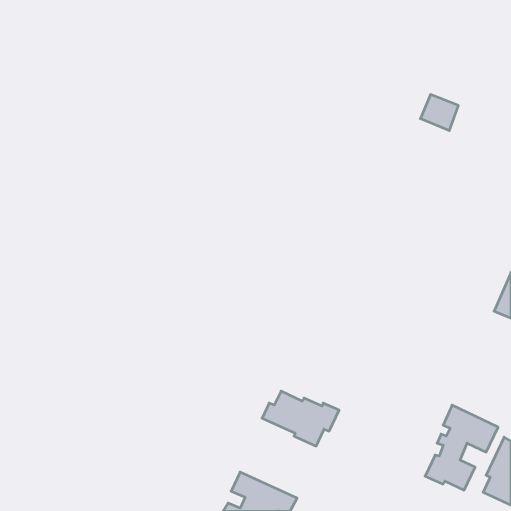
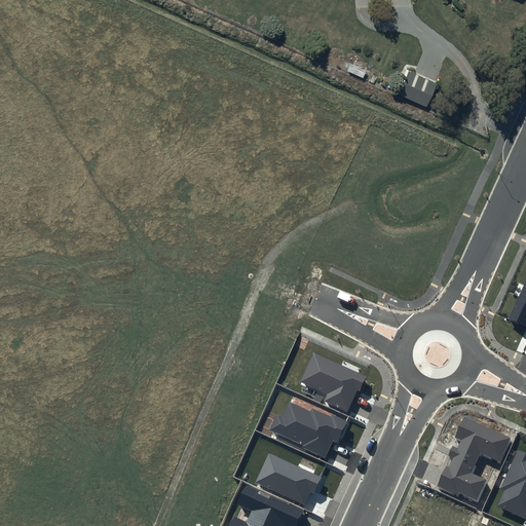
building: [420,95,458,131] -> [394,67,434,104]
building: none -> [300,352,367,412]
building: none -> [255,453,322,505]

